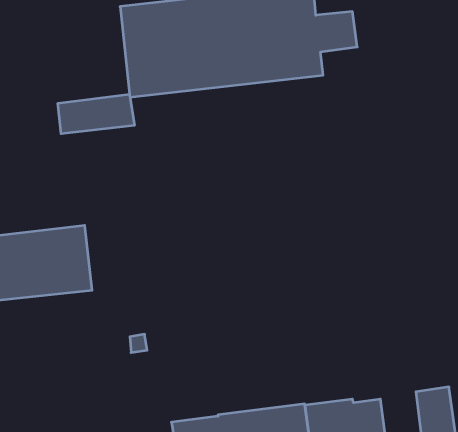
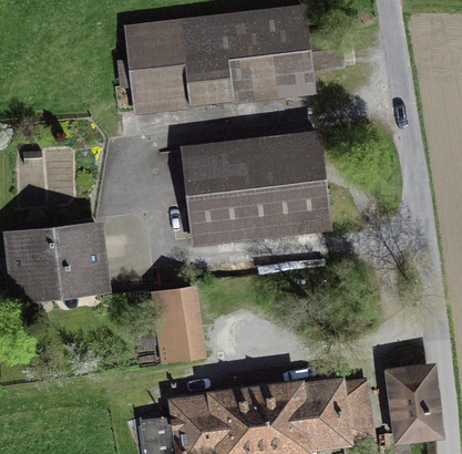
building: [58,94,134,134] -> none
building: none -> [158,134,326,237]
building: none -> [157,289,201,360]

